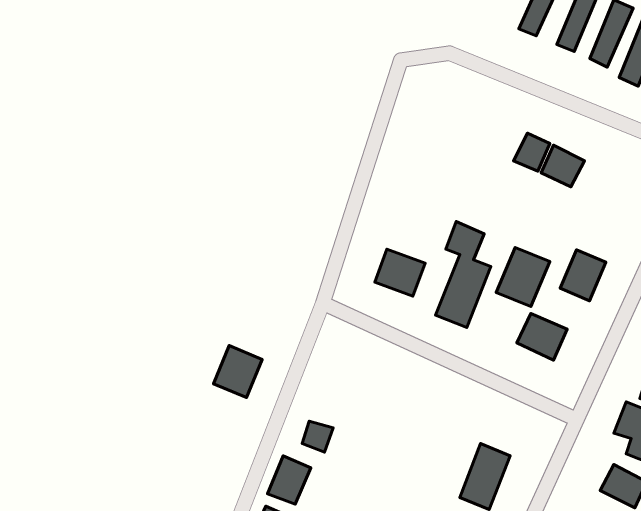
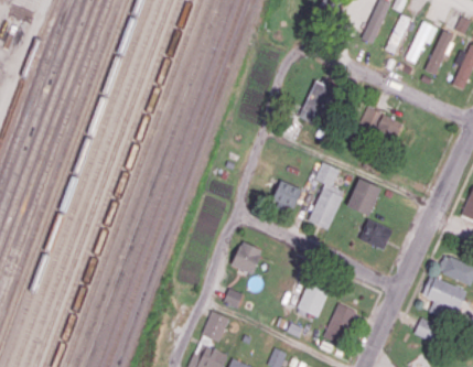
building: none -> [299,80,334,126]
building: [560,250,606,301] -> none
building: [214,346,262,398] -> [232,241,262,274]
building: none -> [298,282,329,317]

